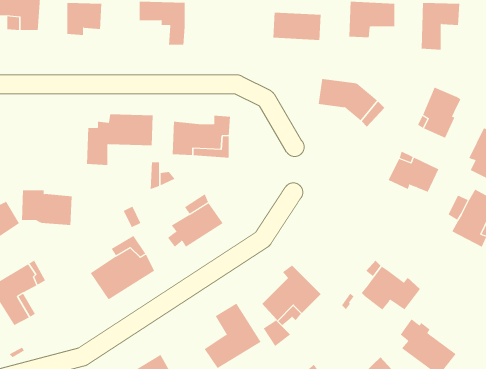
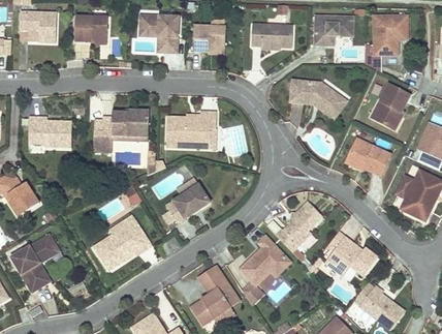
building: none -> [192,25,224,53]
building: [21,190,73,225] -> [28,117,71,147]
building: none -> [274,203,323,253]

